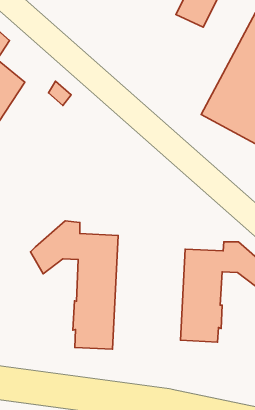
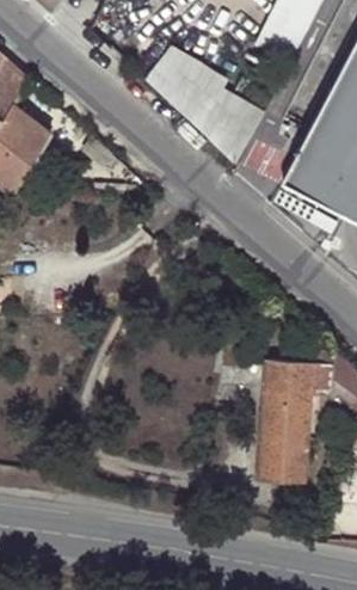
building: none -> [146,42,261,165]
building: [30,221,118,349] -> none

